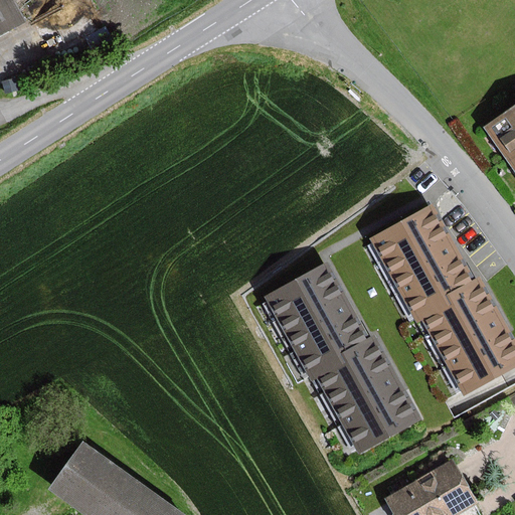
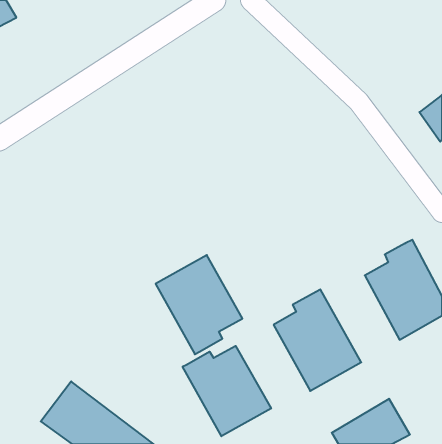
building: [370,206,470,322] -> none
building: [266,265,366,379] -> [156,255,242,354]
building: none -> [183,346,271,436]

